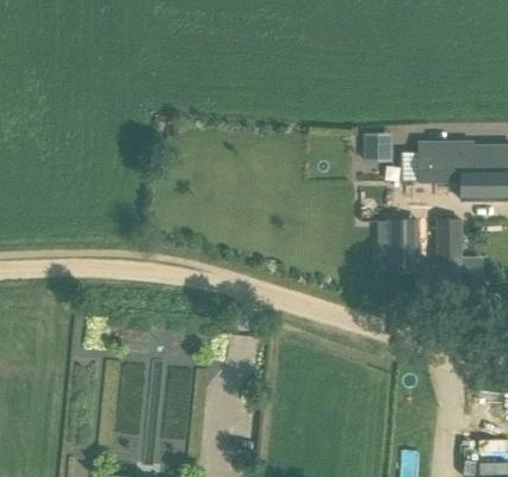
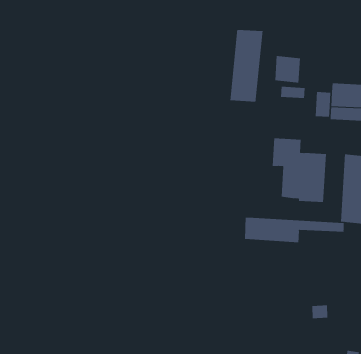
building: none -> [230,29,263,102]
building: none -> [244,217,344,243]

